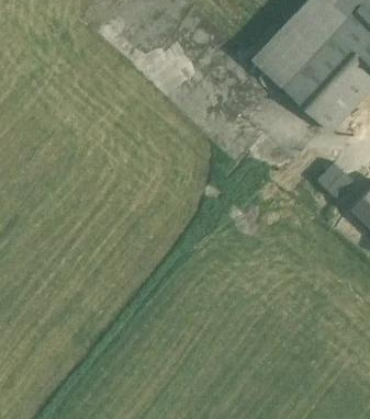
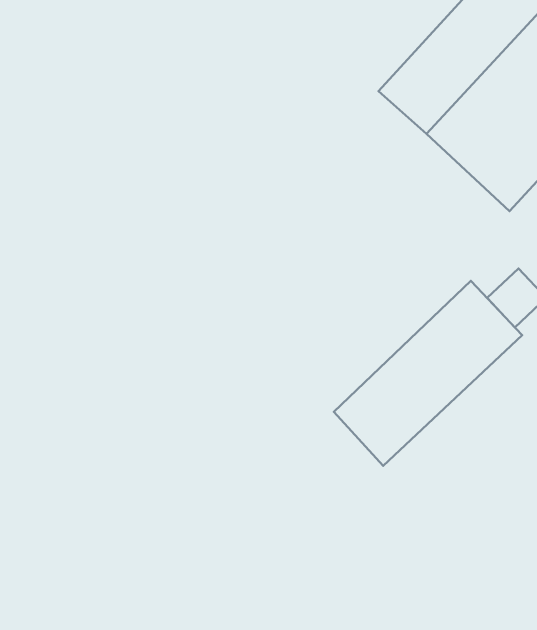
building: none -> [334,281,522,466]

